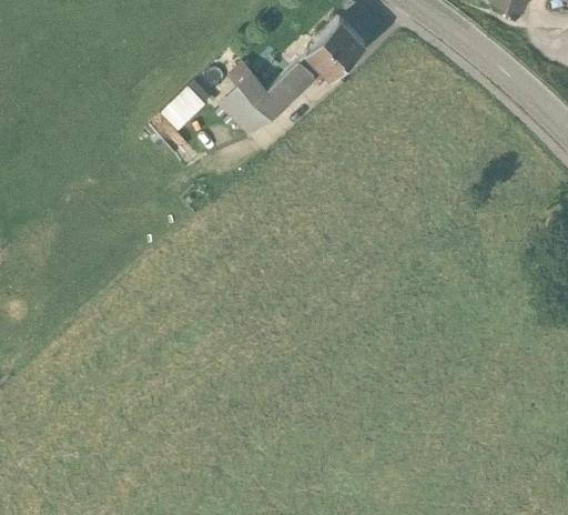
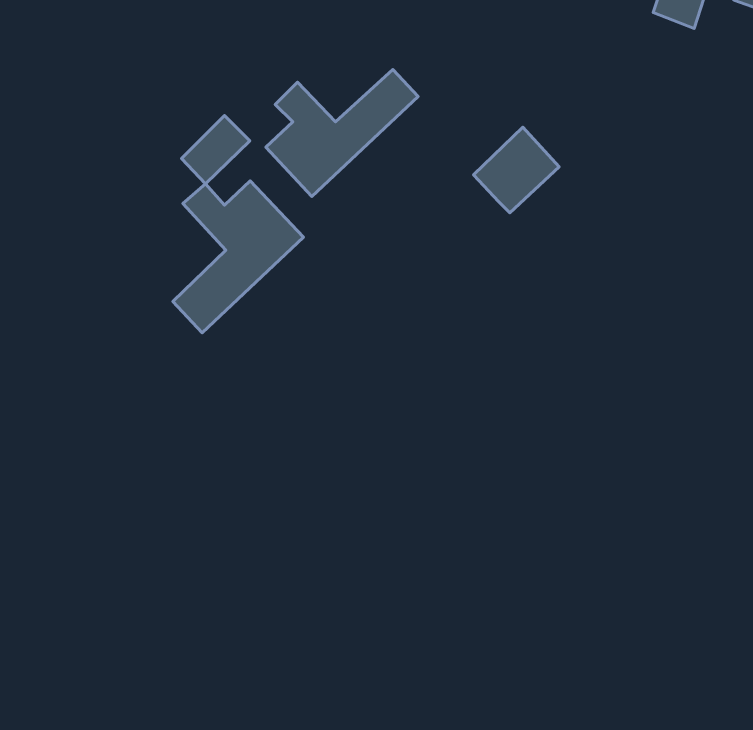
building: [308,18,368,78] -> [473,127,559,213]
building: none -> [173,181,304,333]

